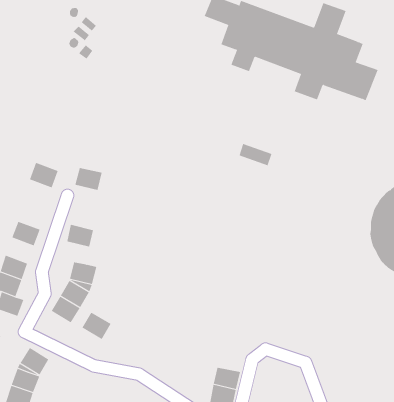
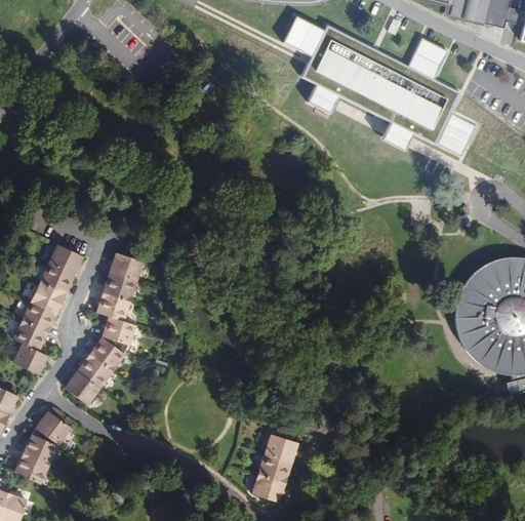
building: [239,143,272,166] -> none
building: [29,162,58,188] -> [48,243,83,275]
building: [75,168,103,191] -> [109,252,143,281]
building: none -> [30,281,65,313]
building: none -> [96,291,129,320]
building: [82,312,111,340] -> [65,370,99,404]
building: none -> [264,433,297,462]

